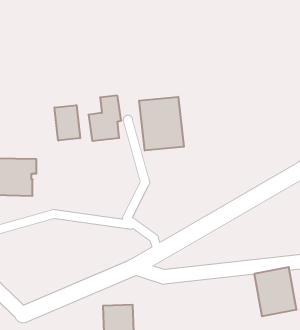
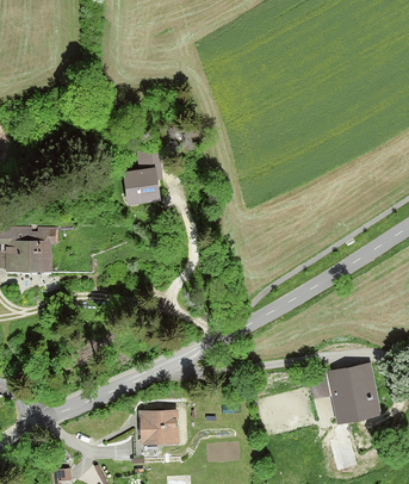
building: [139,97,184,151] -> none
building: [55,105,80,141] -> none

